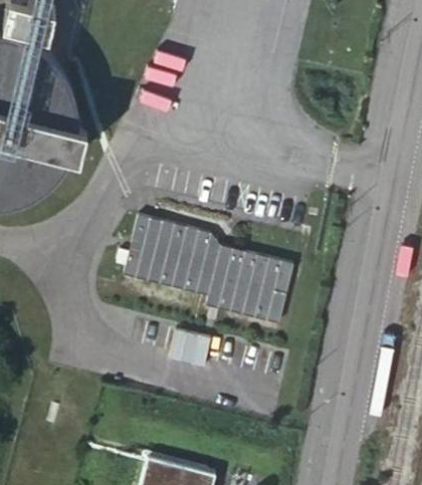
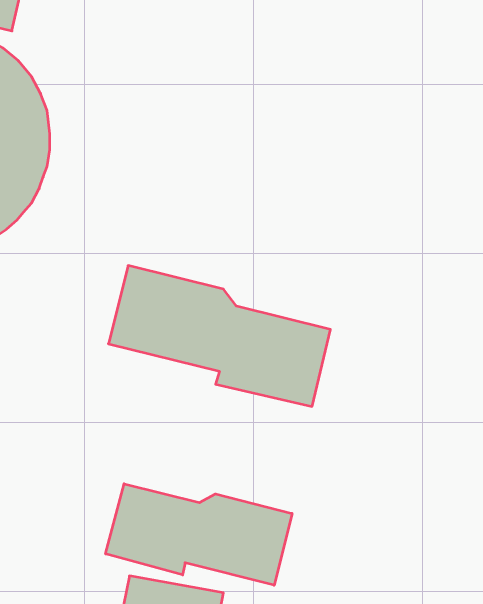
building: none -> [106,484,292,585]

